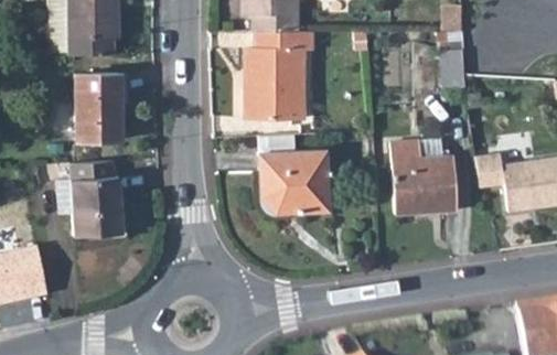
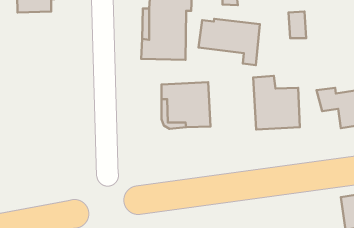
building: none -> [198,19,260,65]
building: [77,71,125,140] -> none
building: [74,177,122,236] -> none

